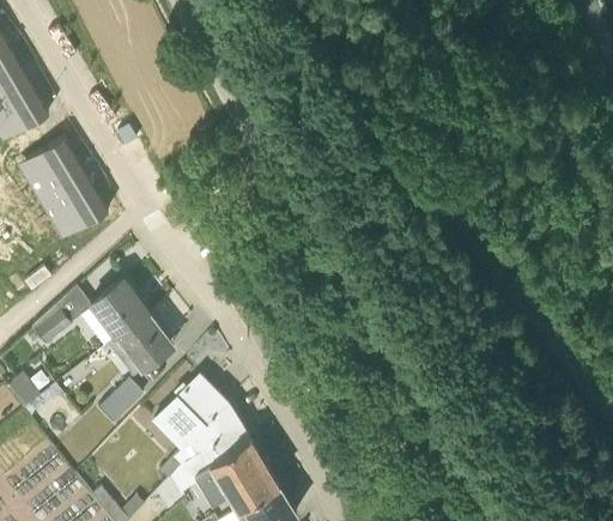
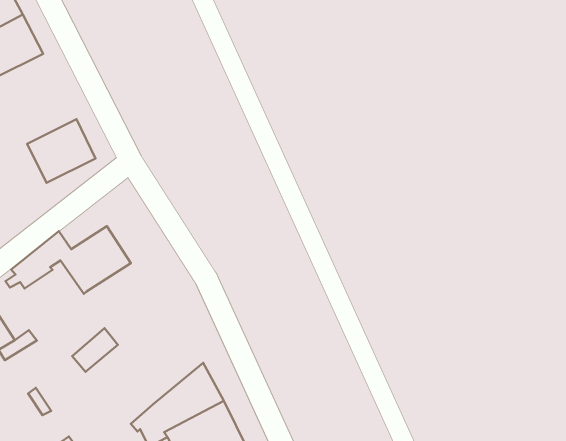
building: [18,137,87,201] -> none
building: [109,311,175,375] -> none
building: [154,375,229,449] -> none

